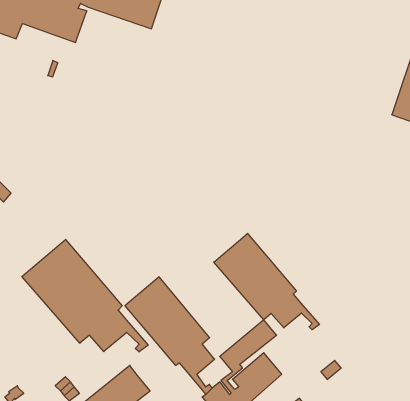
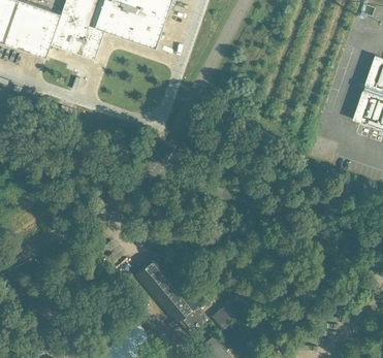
building: [214,233,319,330] -> none
building: [22,239,148,352] -> none

